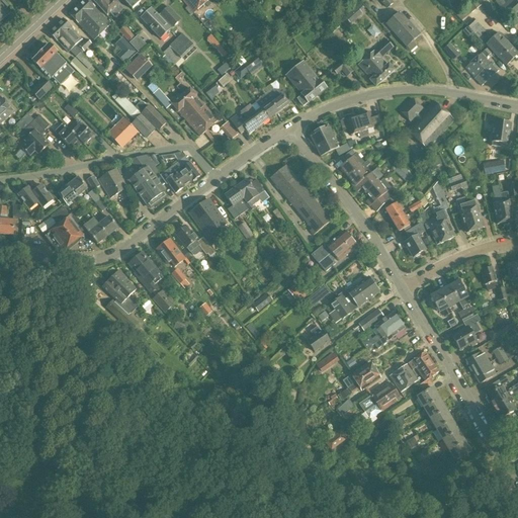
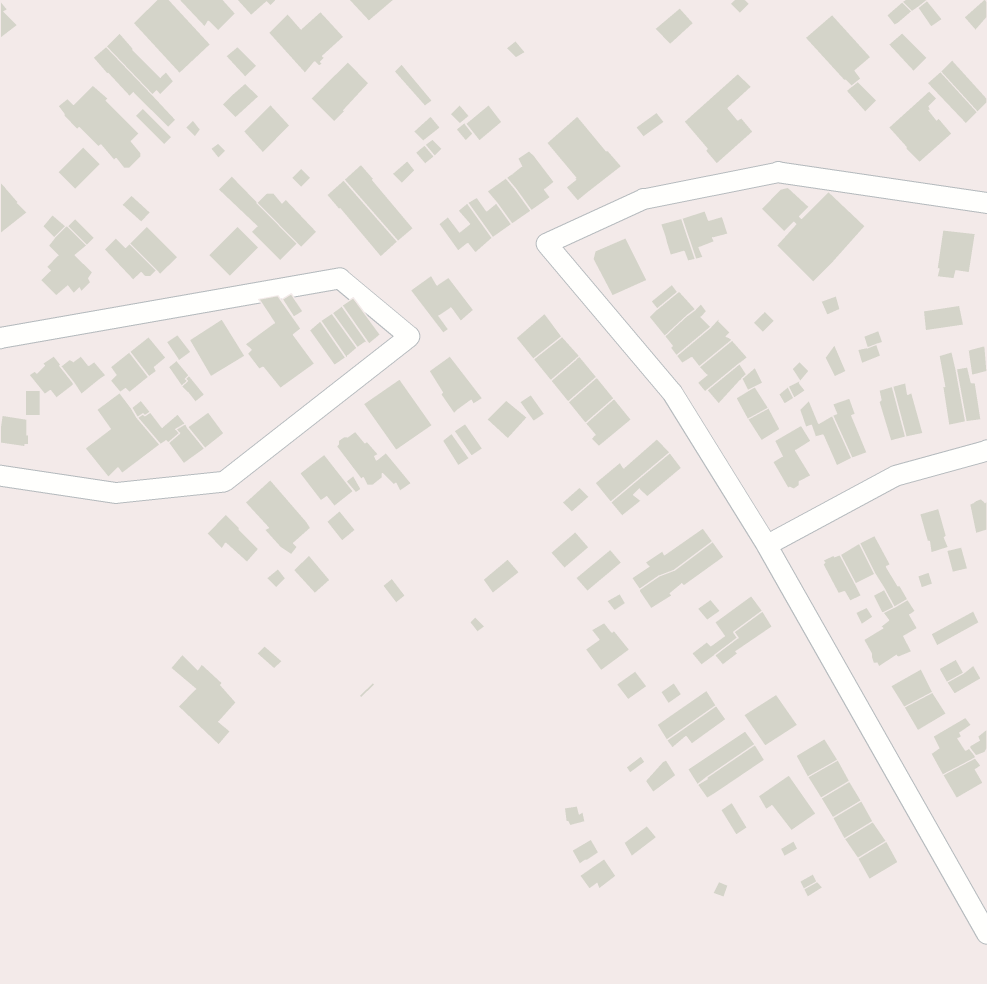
building: [385,11,420,49] -> [805,15,871,86]
building: [236,178,269,208] -> [410,275,474,333]
building: [102,279,137,327] -> [170,654,236,745]
building: [409,350,439,379] -> [758,775,816,831]

